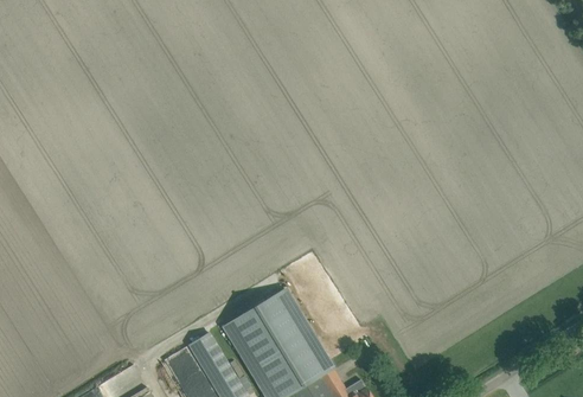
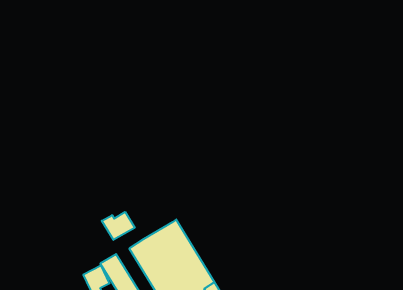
building: none -> [102,212,135,240]

